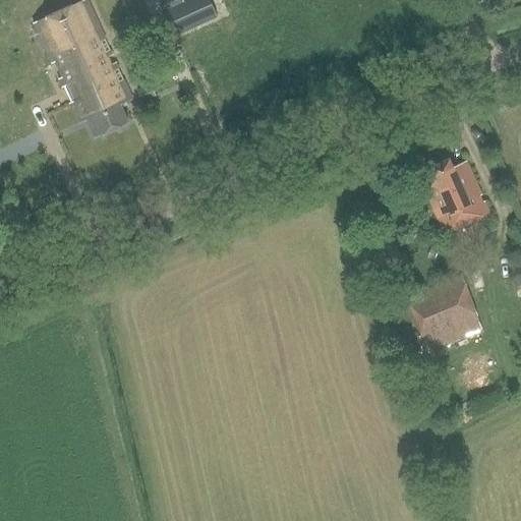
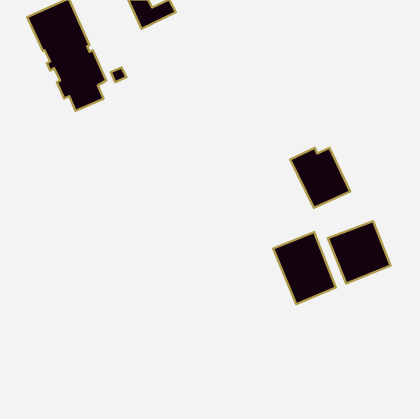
building: [415,155,489,229] -> [290,148,350,208]
building: none -> [273,232,336,304]

